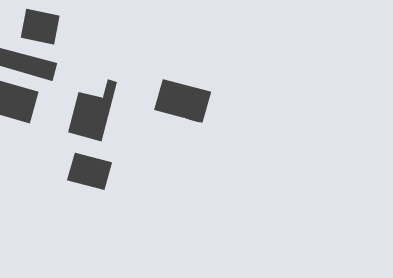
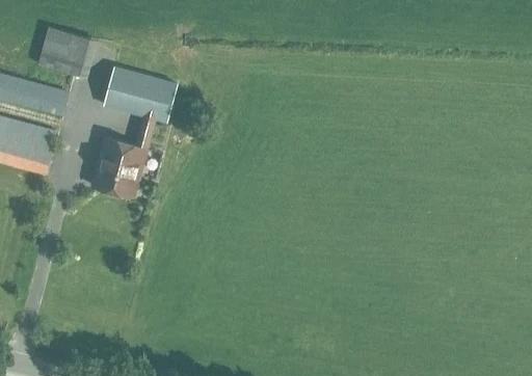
building: [153,78,212,123] -> [103,64,178,122]
building: [66,152,113,191] -> none

